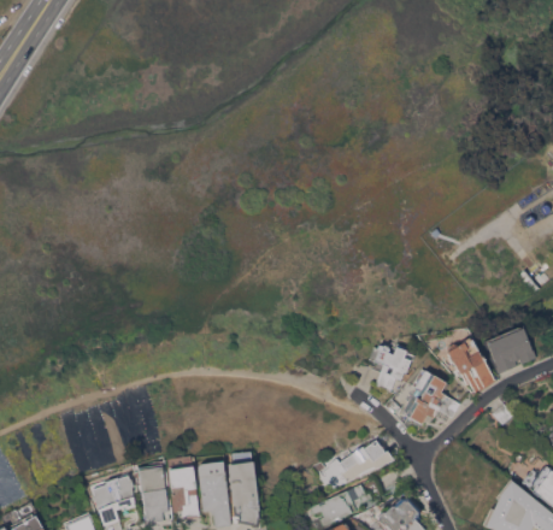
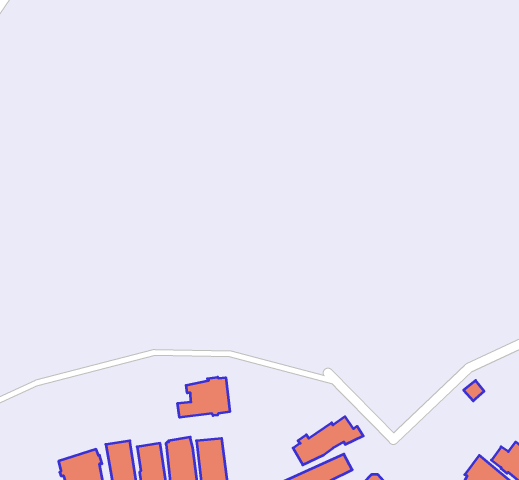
building: [487,329,536,375] -> none
building: [447,337,496,394] -> none
building: [376,346,411,391] -> none
building: [402,370,460,425] -> none
building: none -> [178,377,230,417]

